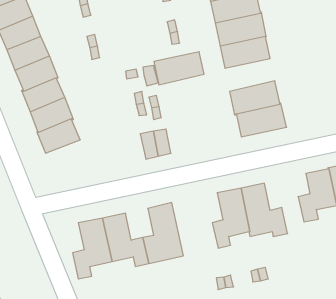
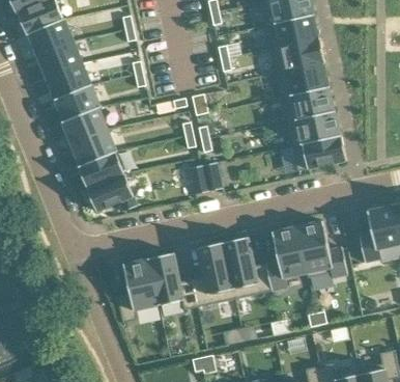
building: [154,52,204,85] -> [280,87,334,122]
building: none -> [87,174,137,212]
building: none -> [223,237,273,299]

